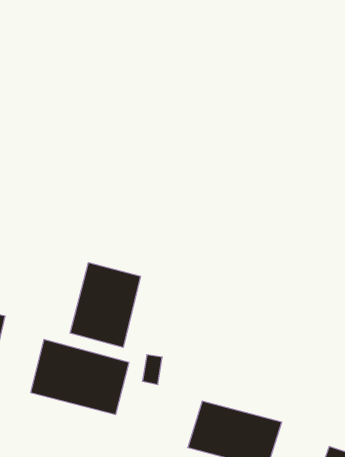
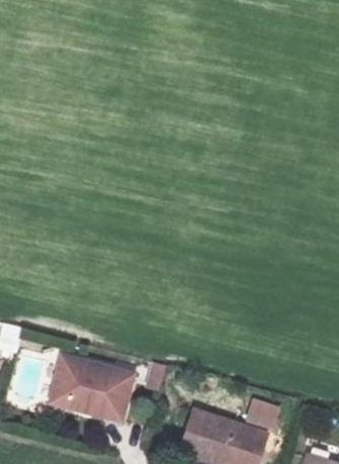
building: [70,263,140,347] -> none

